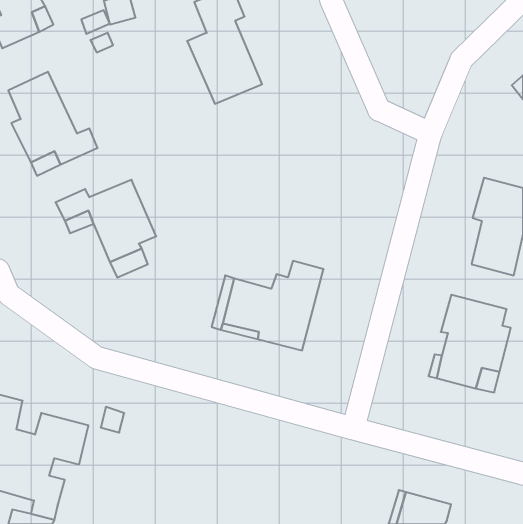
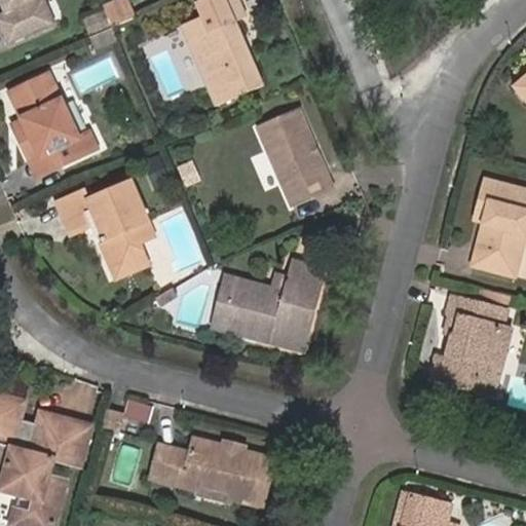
building: none -> [257,110,333,203]
building: none -> [150,437,273,505]

